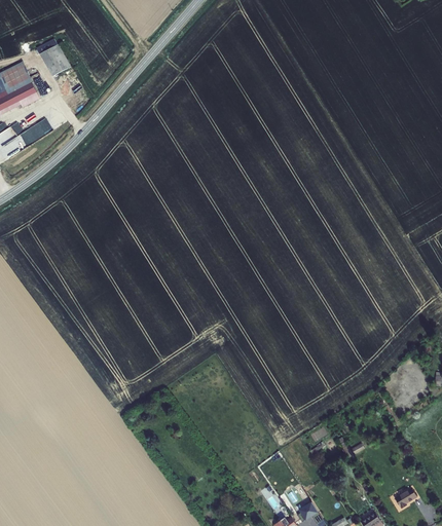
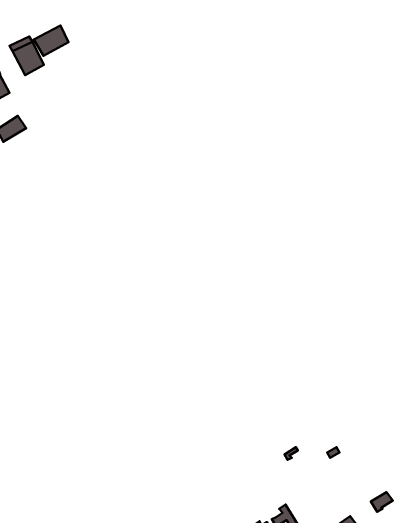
building: none -> [34,26,69,56]

